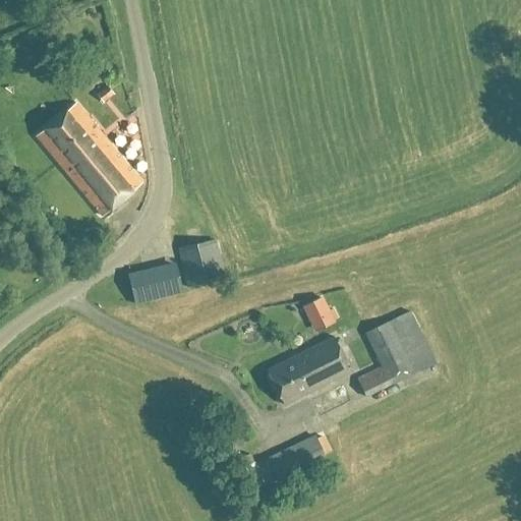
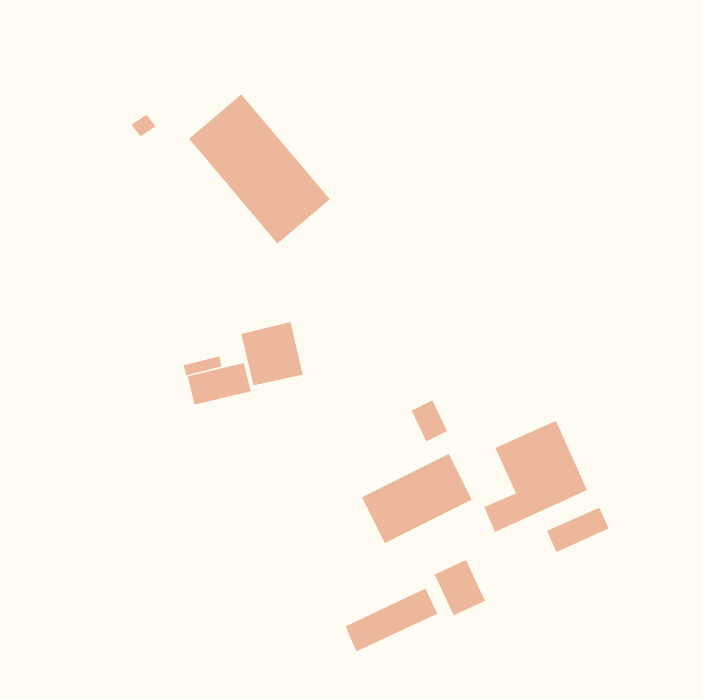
building: [37,102,142,214] -> [188,94,331,245]
building: none -> [546,507,609,553]
building: none -> [434,559,486,616]

